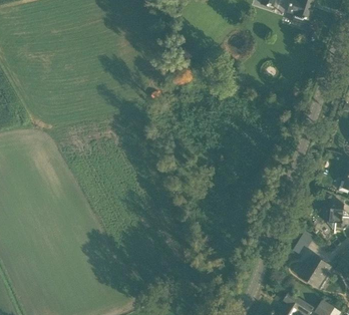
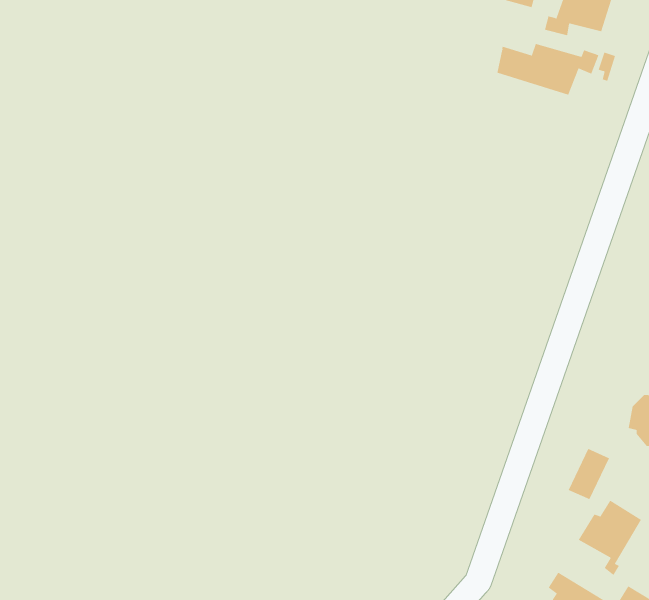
building: none -> [497,43,599,95]

